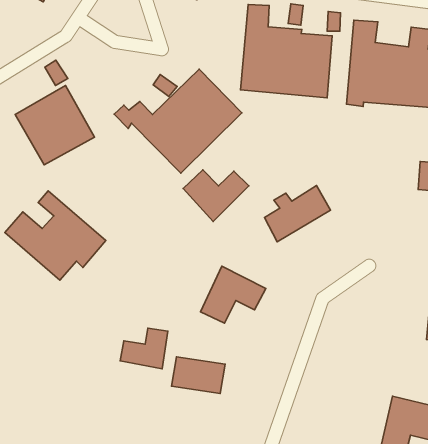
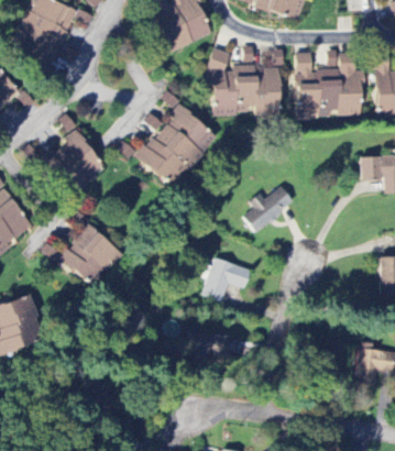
building: [183,170,249,221] -> none
building: [120,328,168,369] -> none

